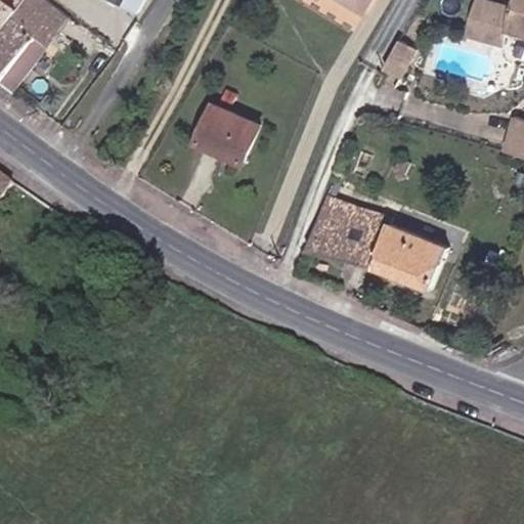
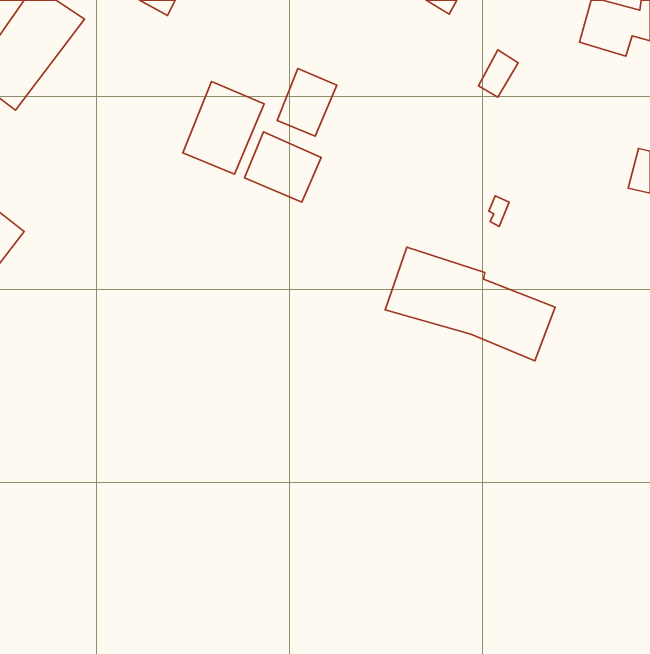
building: none -> [277,69,337,136]
building: none -> [183,81,264,174]

